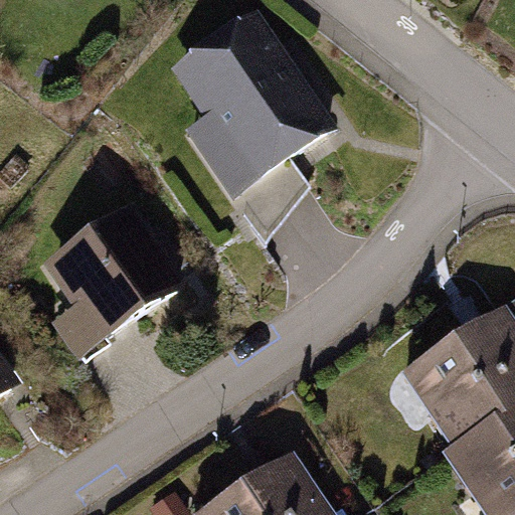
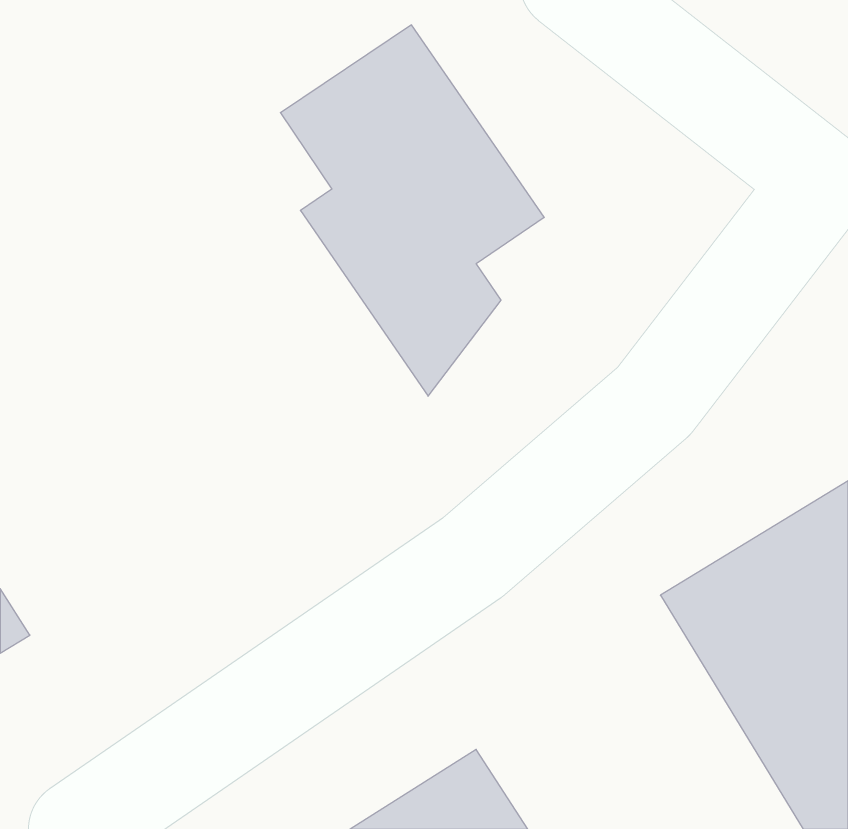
building: [47,204,190,344] -> none

